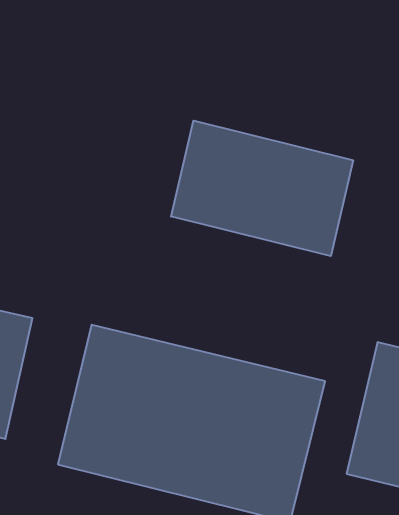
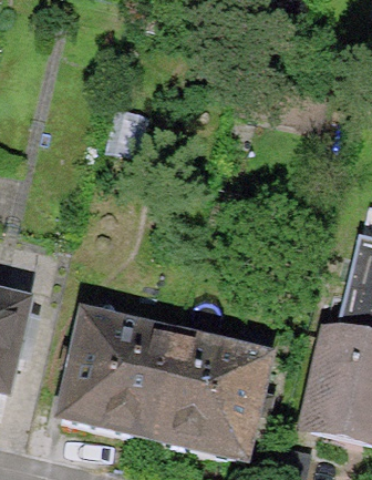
building: [171,121,353,256] -> none

